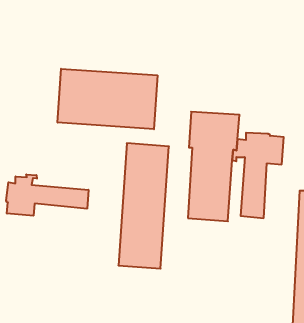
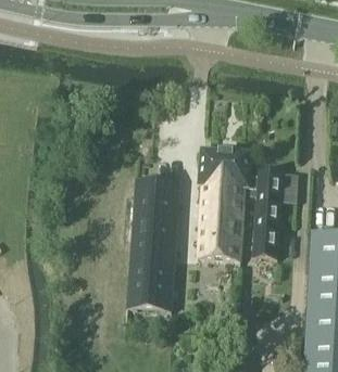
building: [58,69,157,129] -> none
building: [6,174,88,216] -> none

